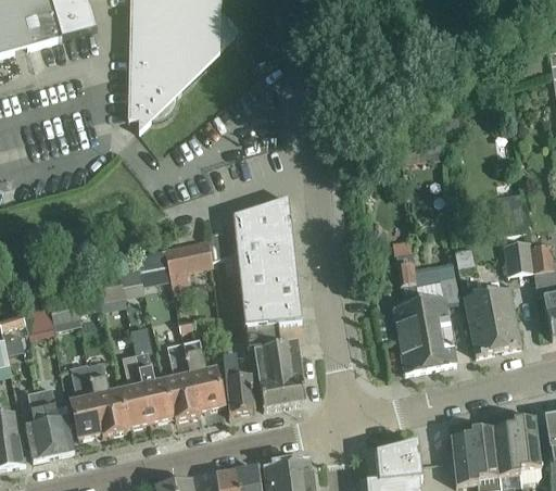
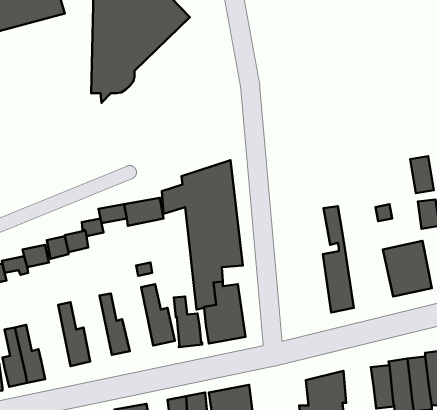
building: [417,276,459,367] -> none
building: [168,343,199,418] -> none
building: [123,353,151,426] -> none
building: [71,364,103,438] -> none

